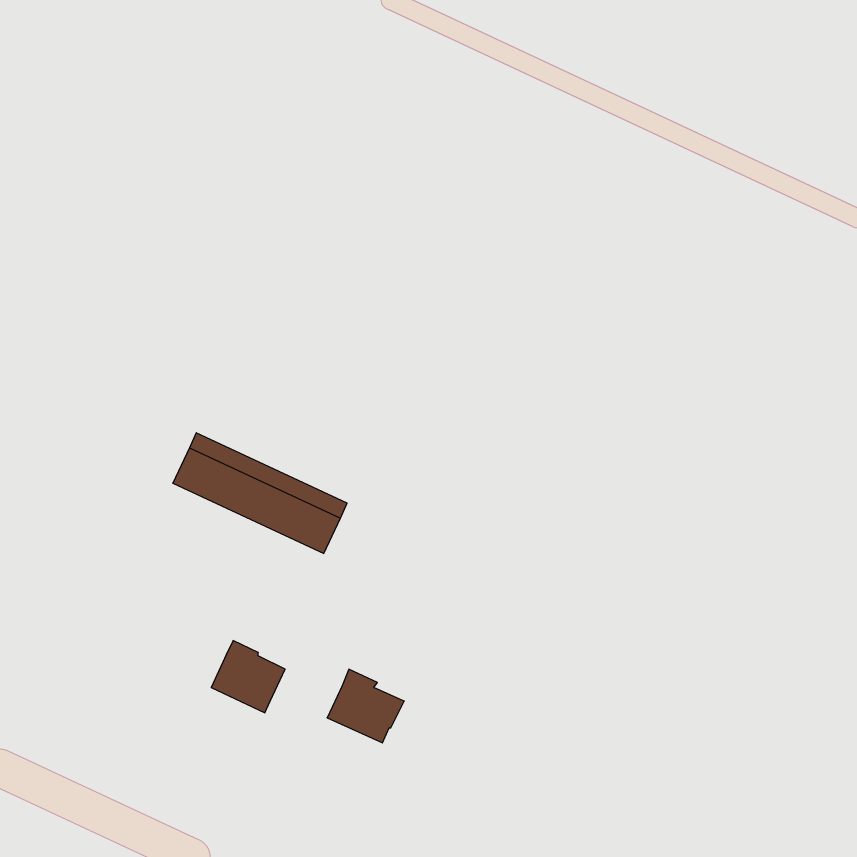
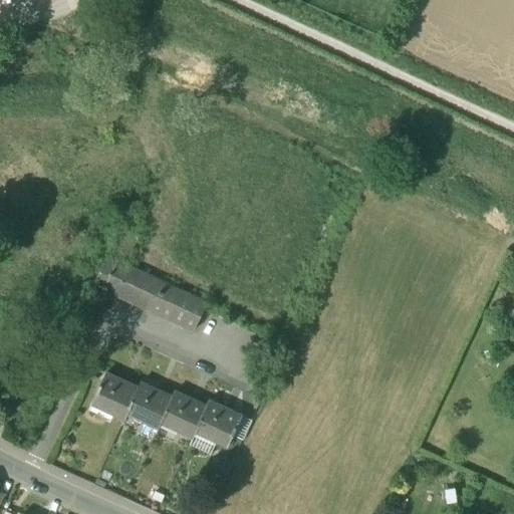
building: none -> [91,373,136,419]
building: none -> [162,393,205,436]

